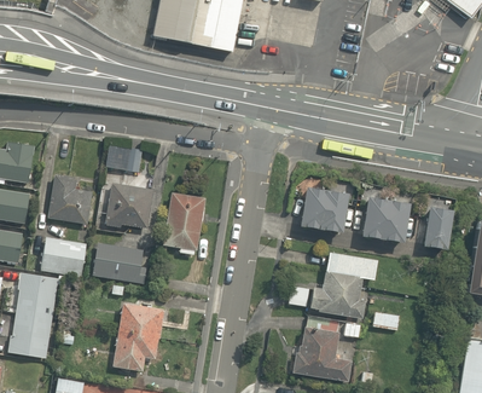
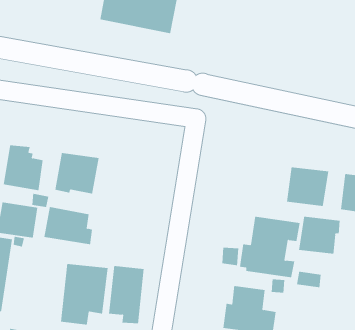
building: [105,149,143,172] -> none
building: [298,186,345,232] -> none
building: [164,191,204,255] -> [108,266,144,324]
building: none -> [298,216,340,254]

